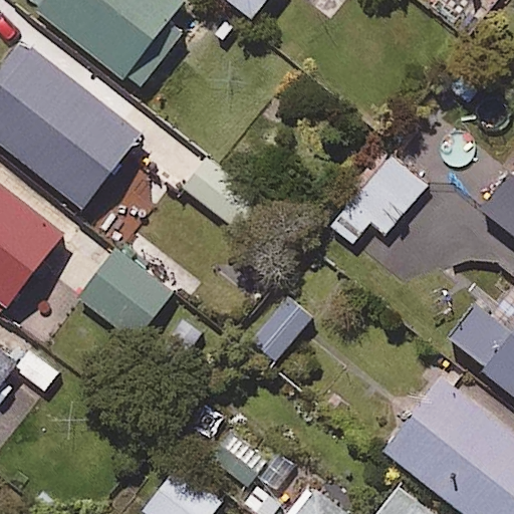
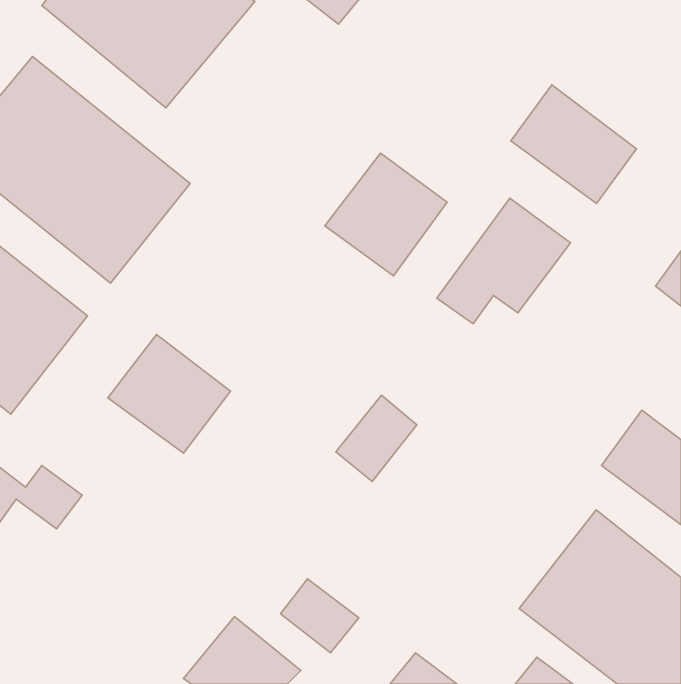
building: none -> [511,85,637,203]
building: none -> [325,153,447,276]

